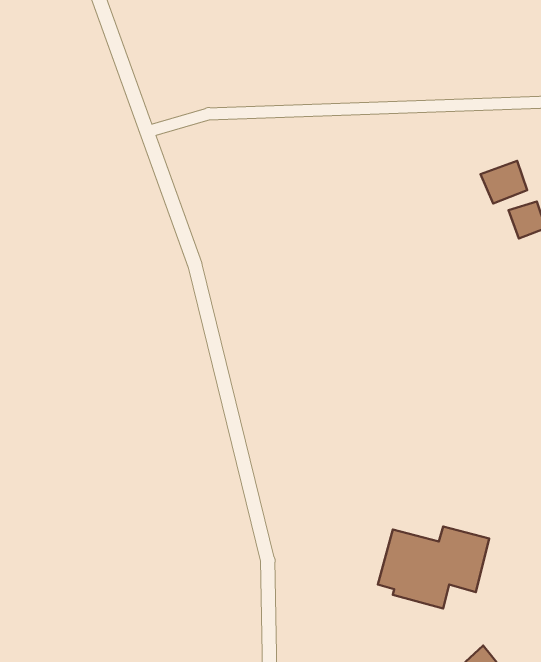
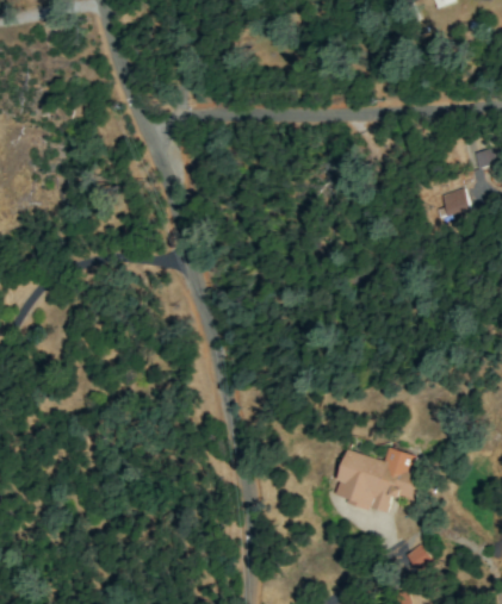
building: [480,161,527,204] -> none

